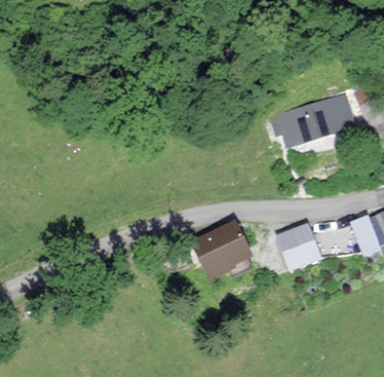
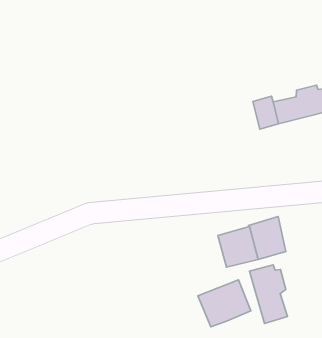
building: [198,224,249,270] -> [198,280,251,327]
building: none -> [249,265,288,323]

